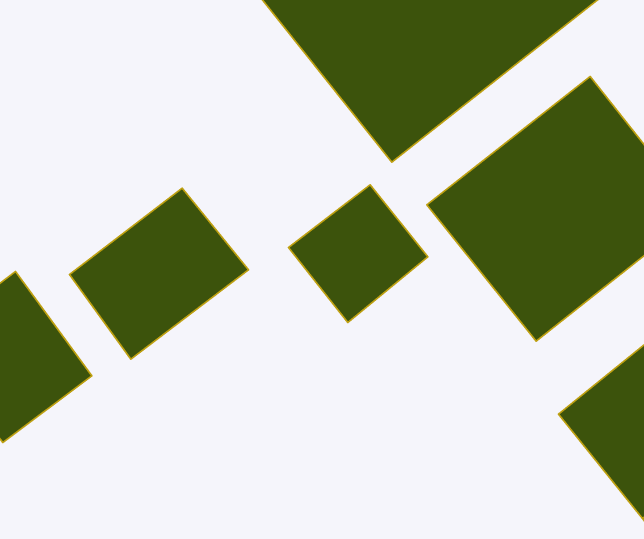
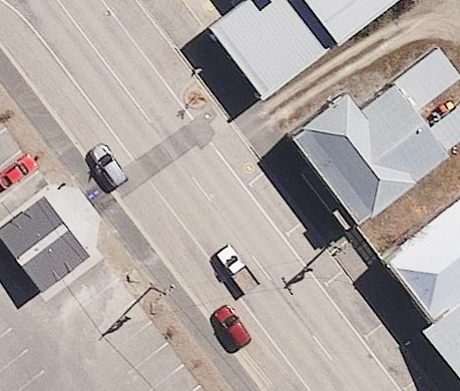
building: [288,185,428,323] -> none
building: [69,188,249,359] -> none

